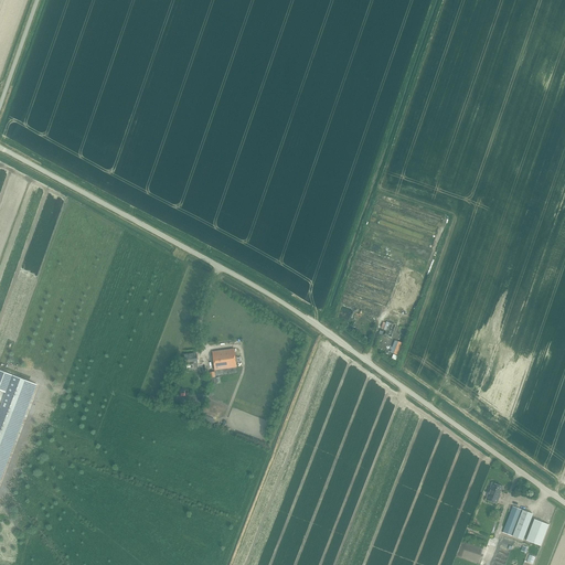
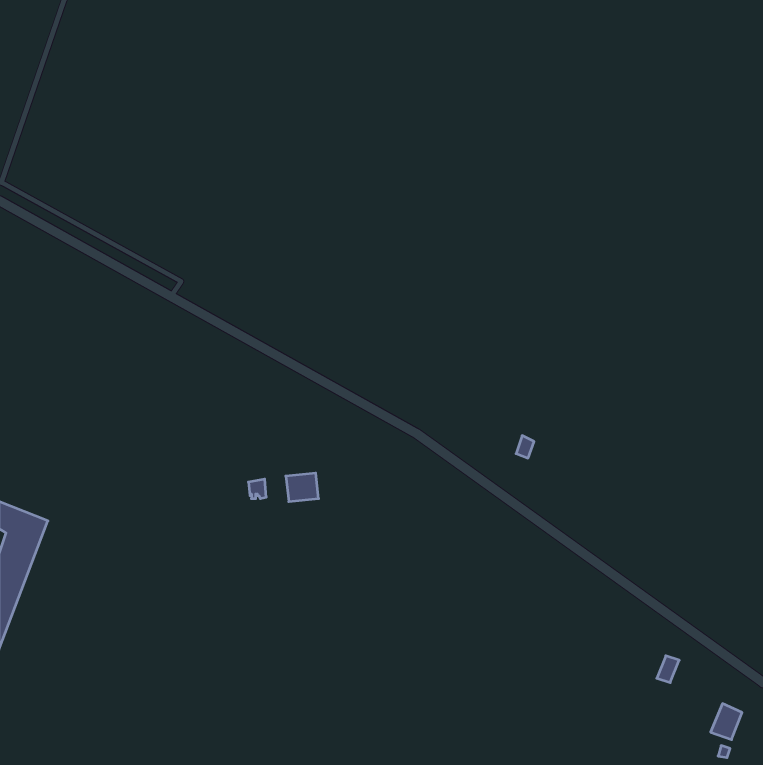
building: [502,507,532,540] -> none

